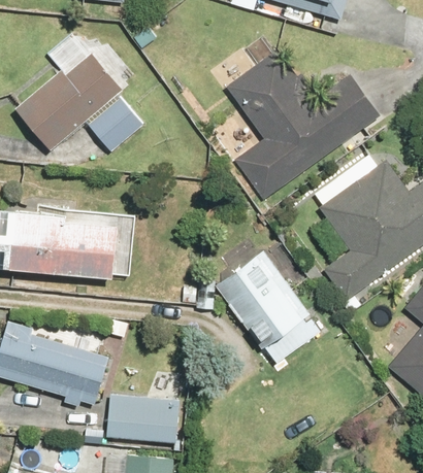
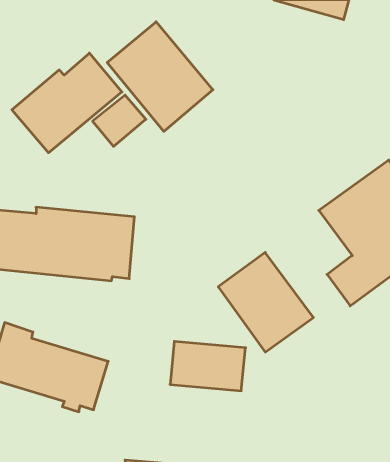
building: none -> [107,22,213,131]
building: [224,48,381,202] -> none
building: [105,394,180,442] -> [170,341,246,391]

